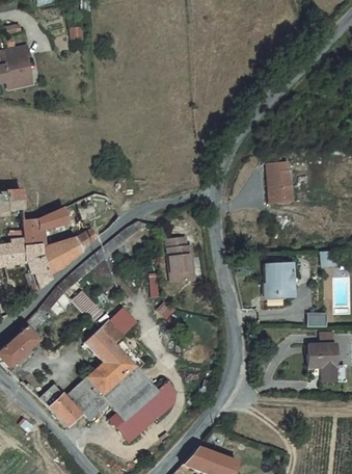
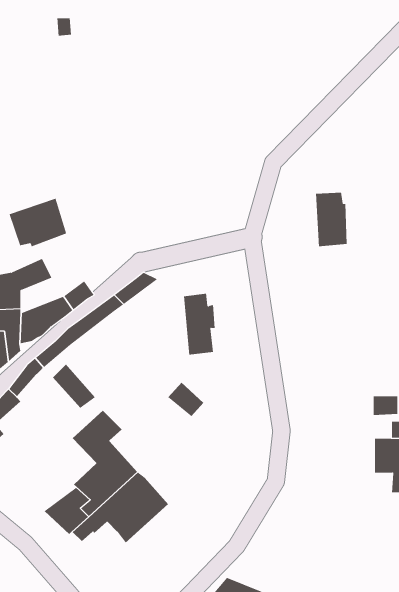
building: none -> [9,198,67,247]
building: [265,261,298,293] -> none
building: [108,310,137,337] -> none
building: [110,384,175,441] -> none
building: [40,386,83,427] -> none

